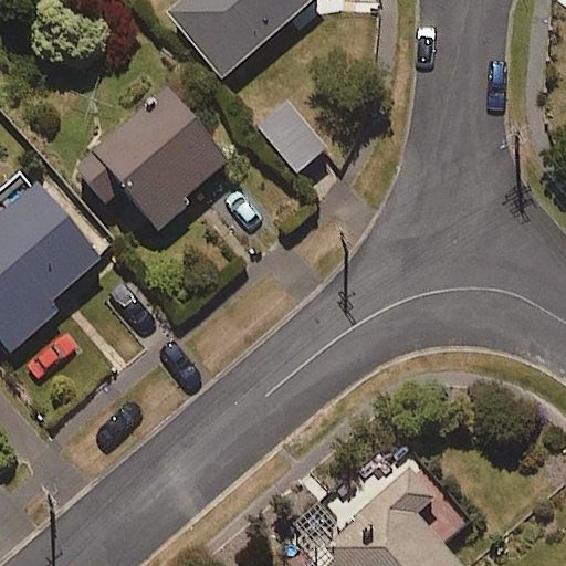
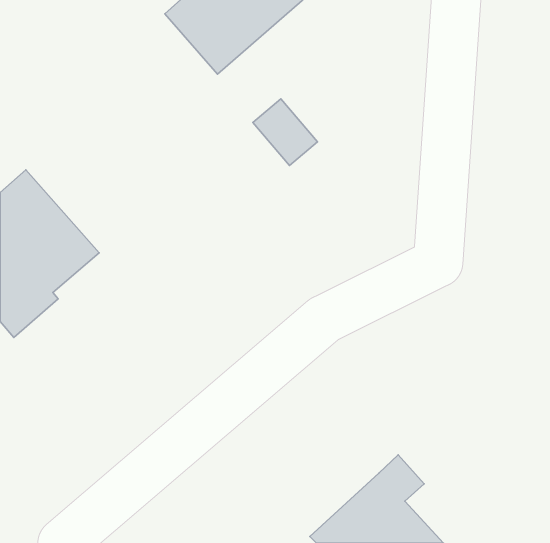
building: [76,92,228,224] -> none

